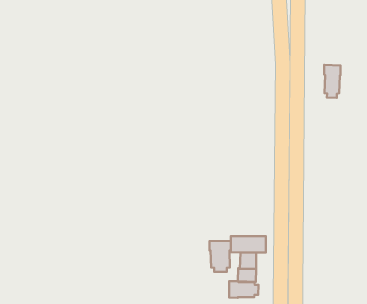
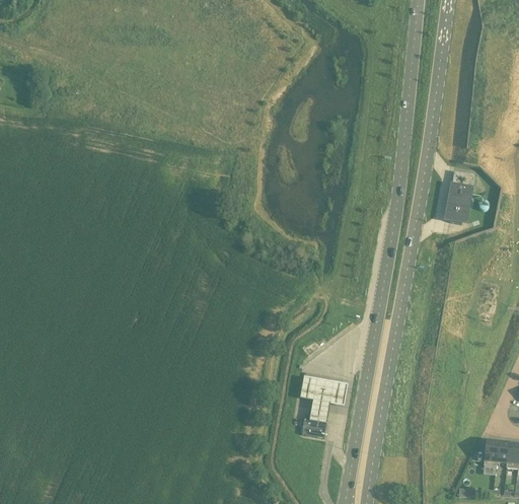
building: [210,241,231,272] -> none
building: [229,281,258,298] -> none

